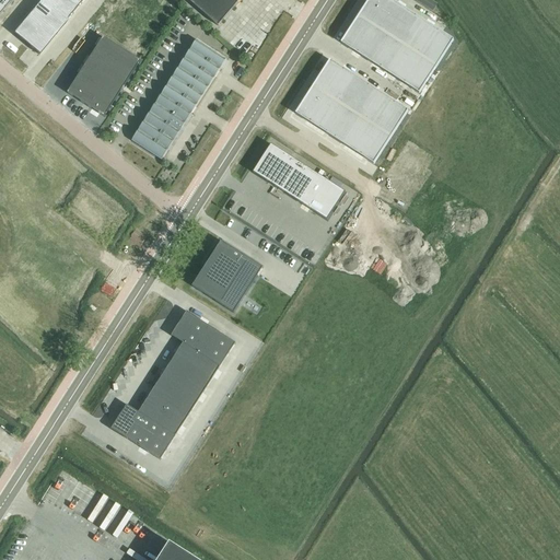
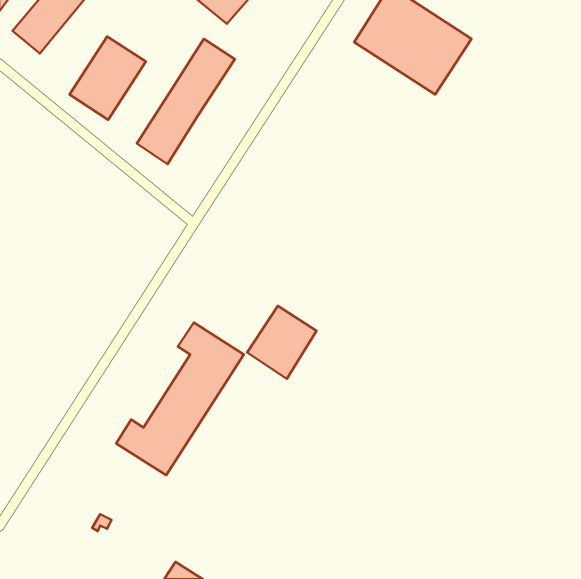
building: [294,57,407,161] -> none
building: [252,142,345,218] -> none
building: [195,241,261,311] -> [247,306,317,379]

